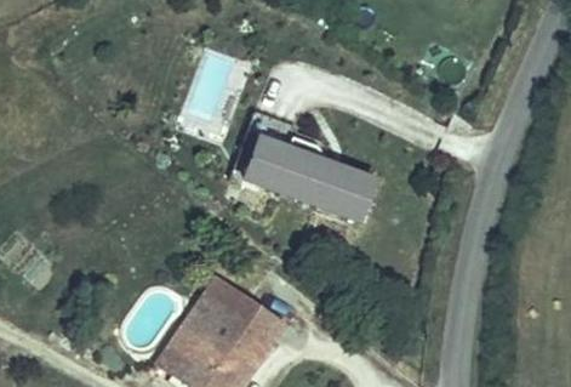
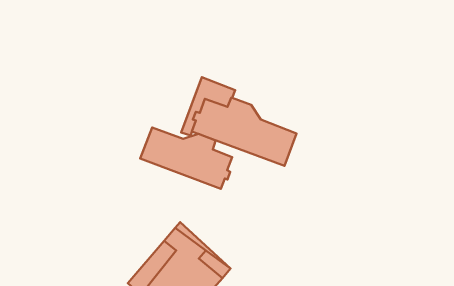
building: none -> [140,128,232,189]

